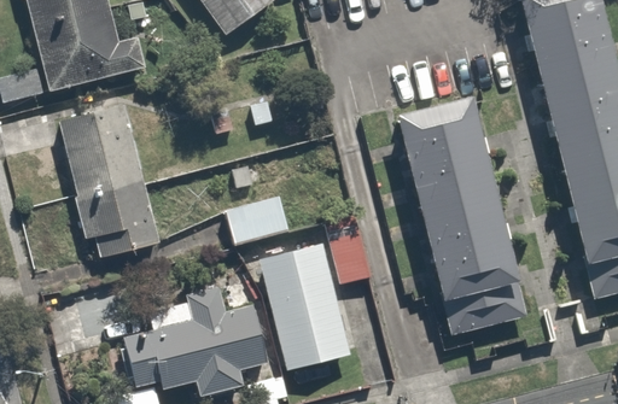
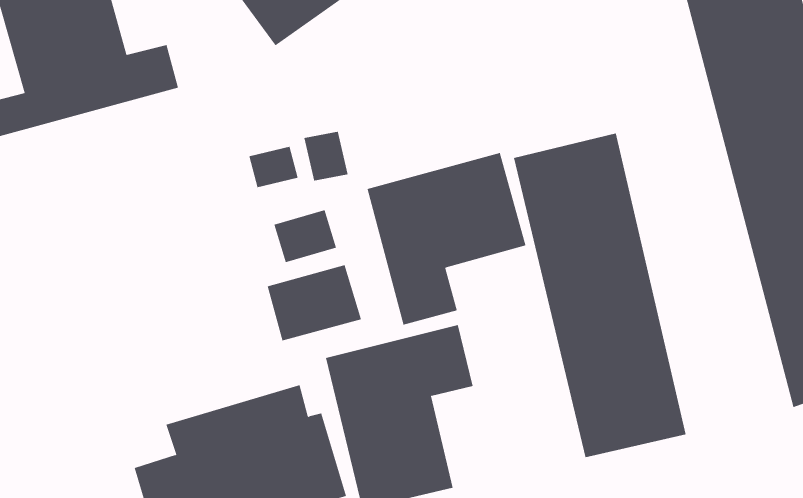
building: [53,104,161,258] -> none
building: none -> [367,152,526,326]

